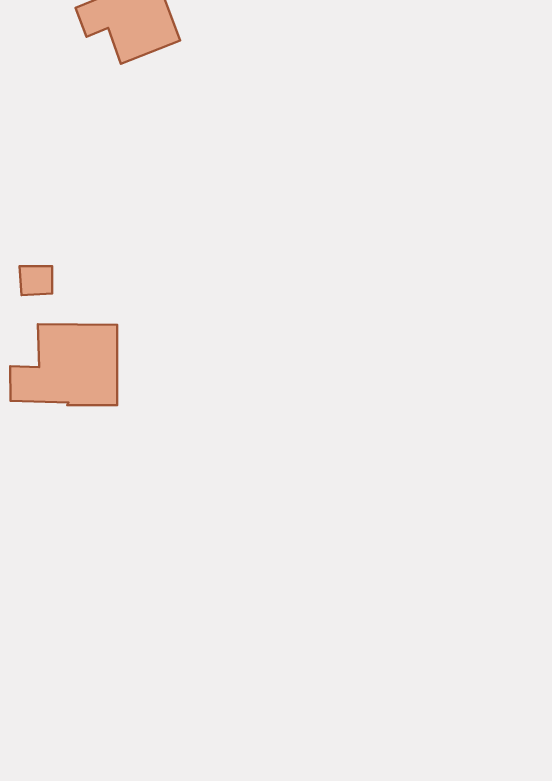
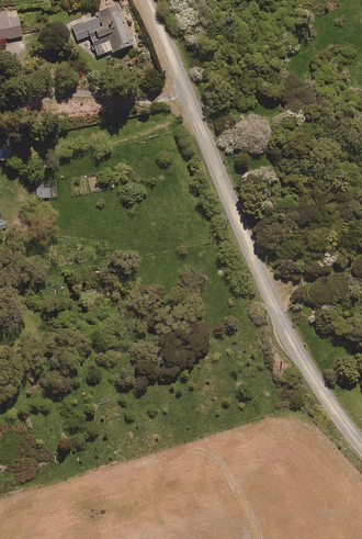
building: [10,324,117,405] -> none

